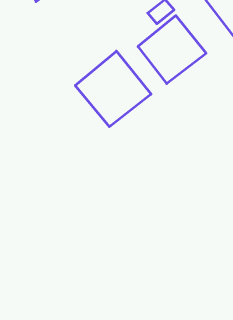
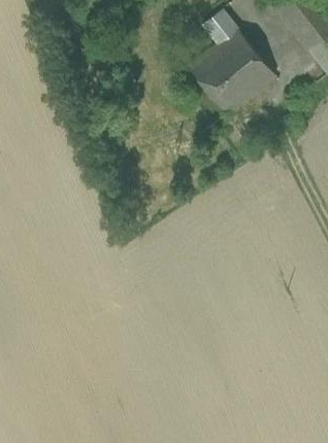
building: [75,51,151,127] -> none

